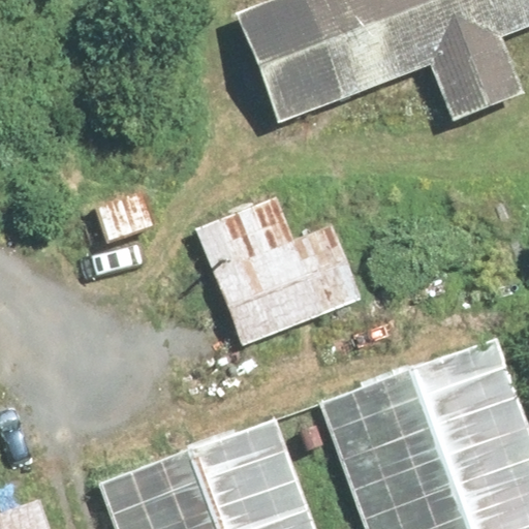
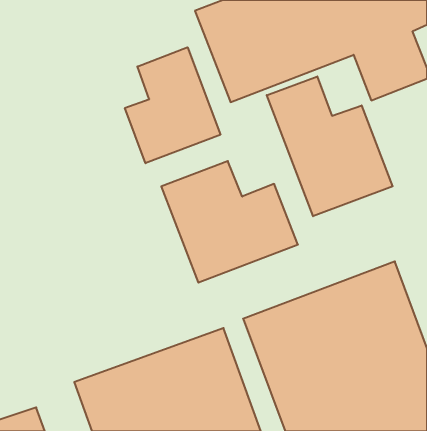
building: none -> [125,47,220,163]
building: none -> [267,76,393,216]

